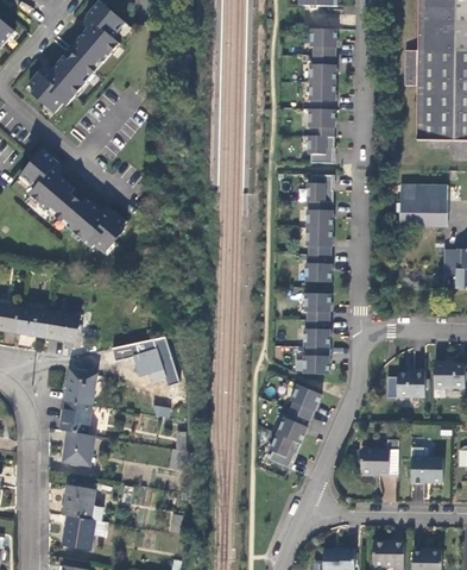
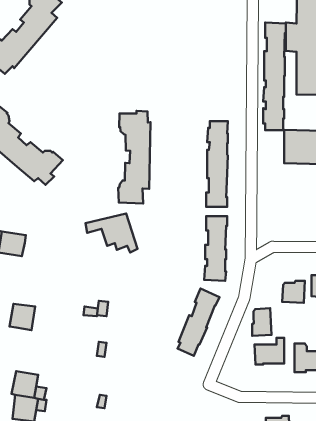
building: [307,26,335,161] -> [263,23,286,130]
building: none -> [118,111,150,204]
building: [112,336,177,384] -> [85,214,138,253]
building: [63,370,95,405] -> none
building: none -> [252,308,271,336]
building: [62,431,94,465] -> none

